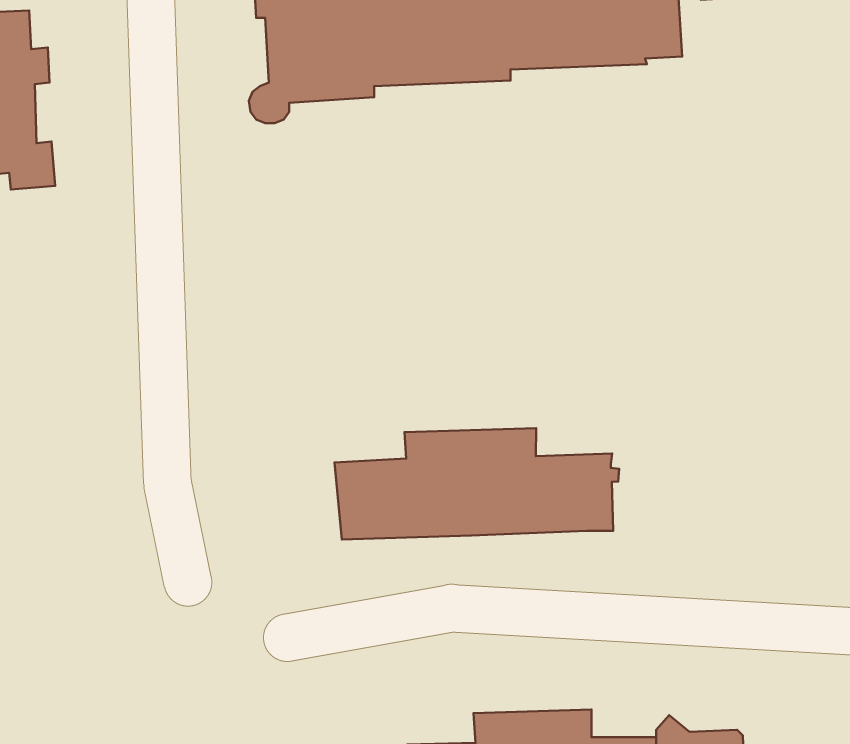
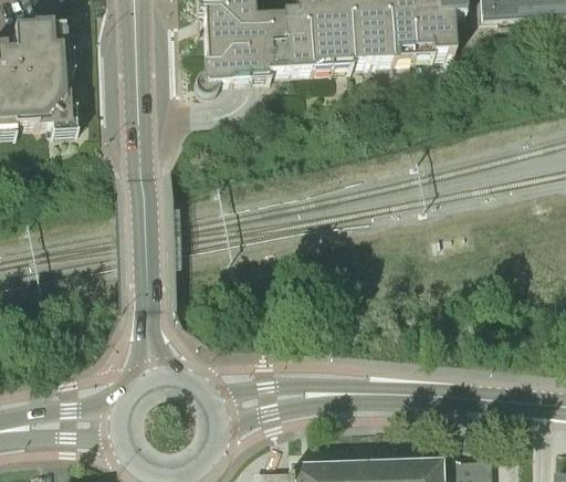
building: [334,428,619,540] -> none

